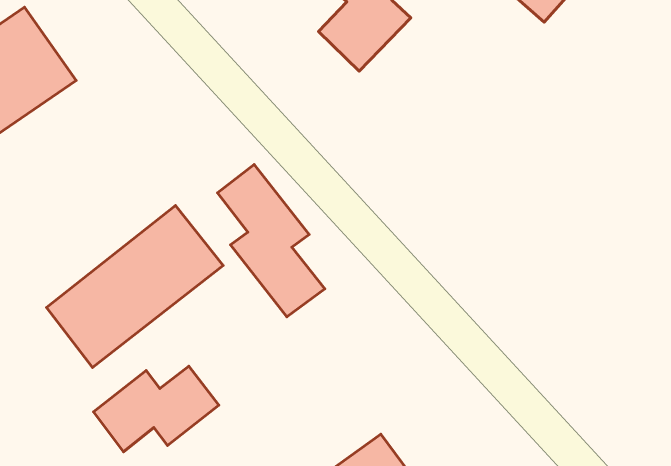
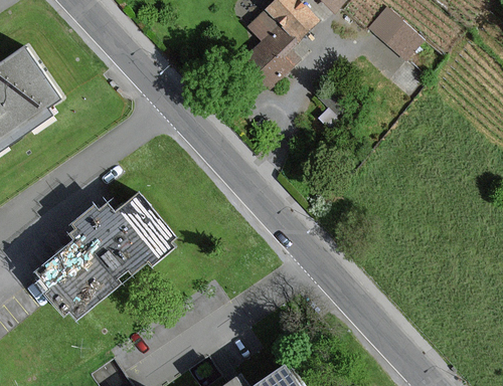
building: [217,164,325,317] -> none
building: [93,366,219,452] -> none

